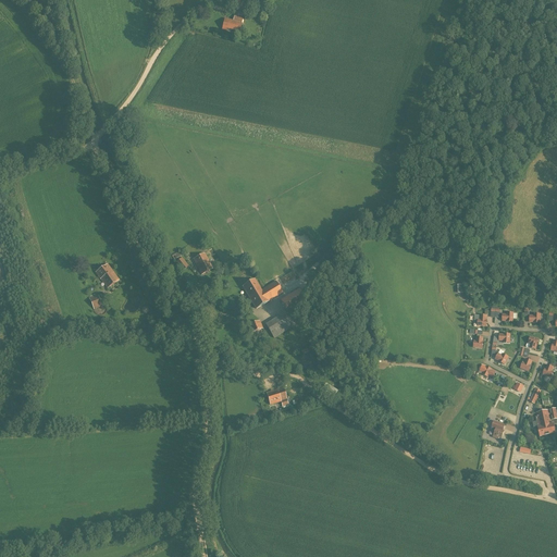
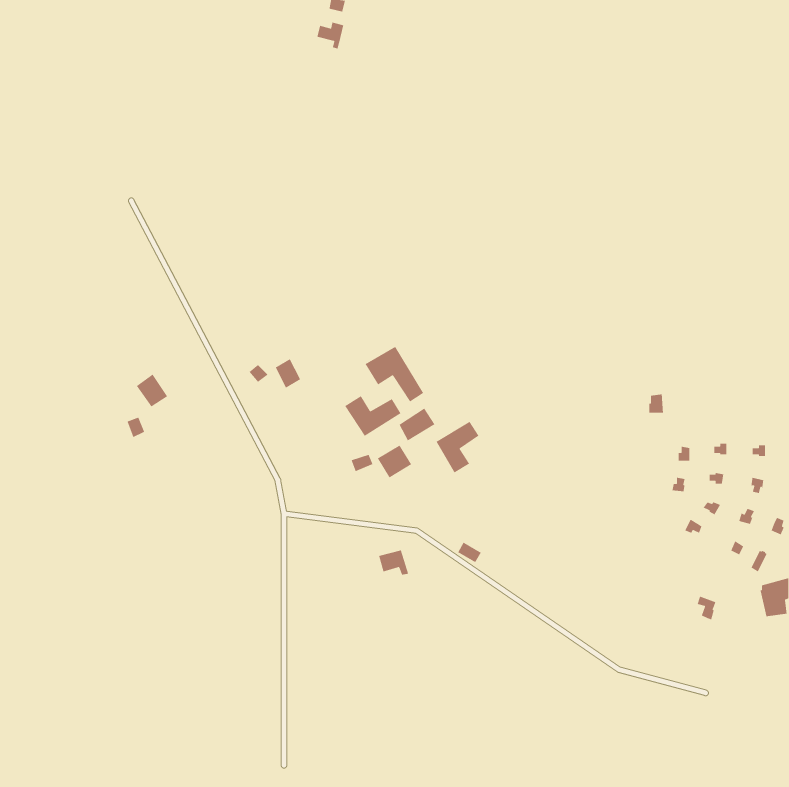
building: none -> [365,346,424,403]
building: none -> [436,421,480,473]

